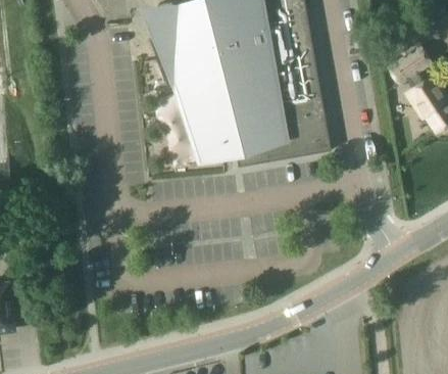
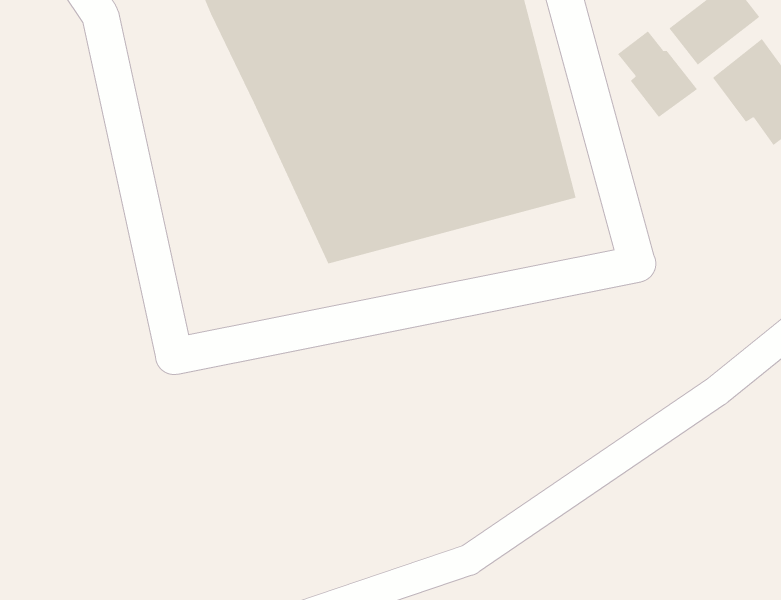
building: none -> [617,30,698,118]

